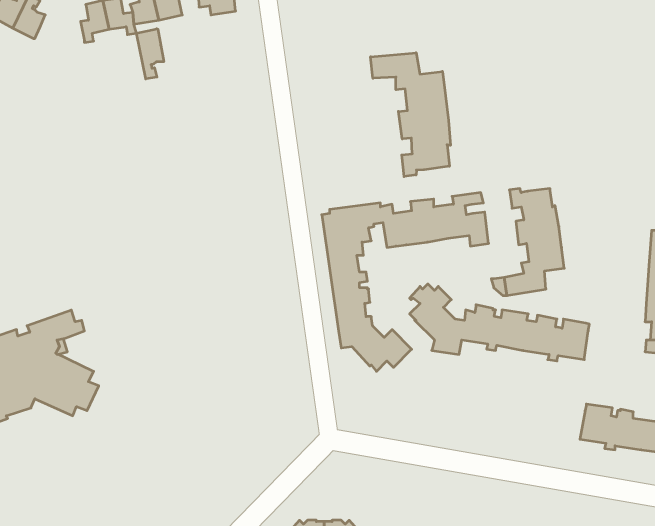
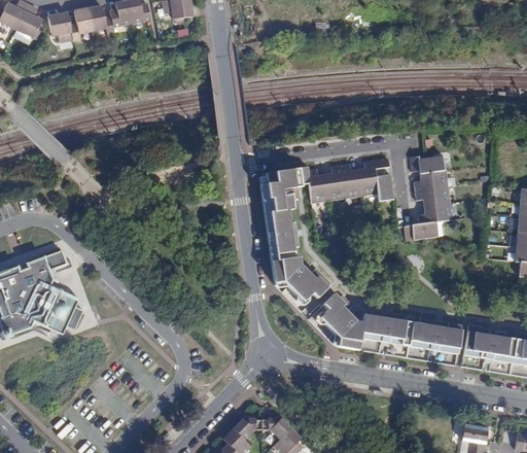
building: none -> [48,11,73,41]
building: [137,29,164,79] -> none
building: [371,53,450,177] -> none
building: [410,284,589,361] -> [320,292,462,353]

